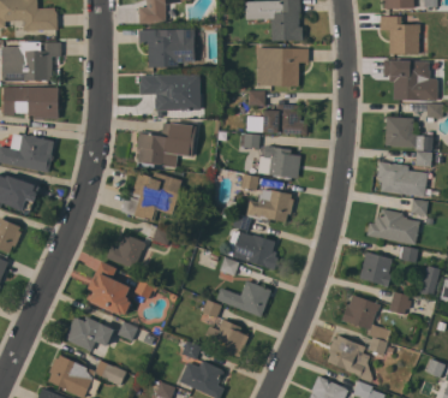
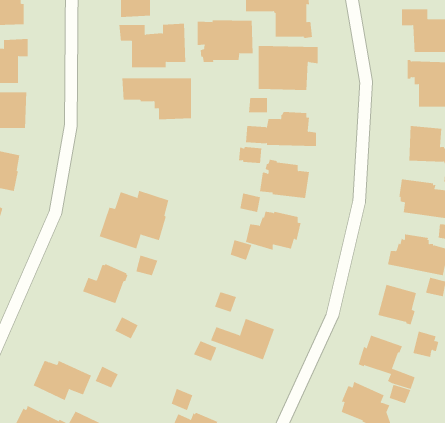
building: none -> [197,20,253,63]
building: [137,123,198,172] -> none
building: [229,232,279,271] -> none
building: [86,261,132,316] -> none
building: [203,320,249,358] -> none

